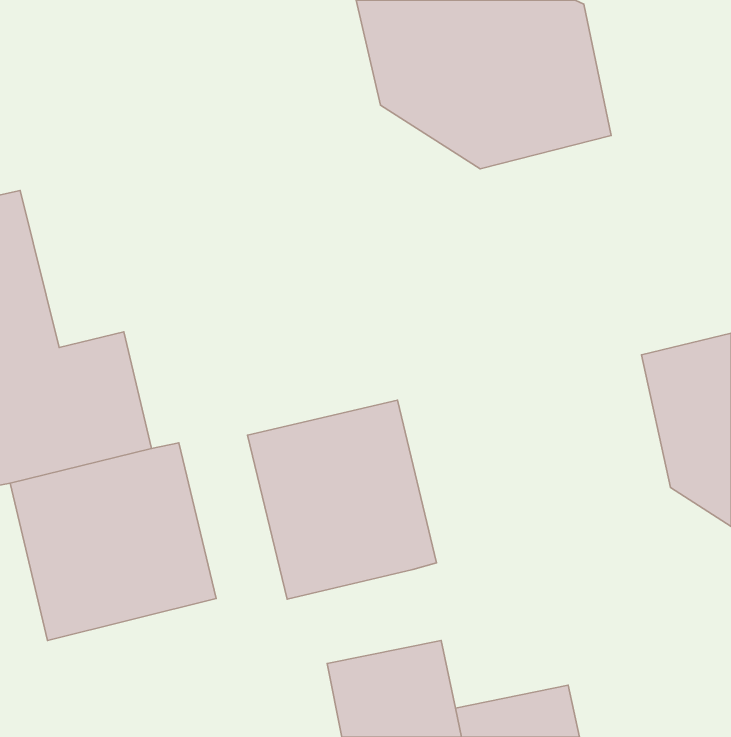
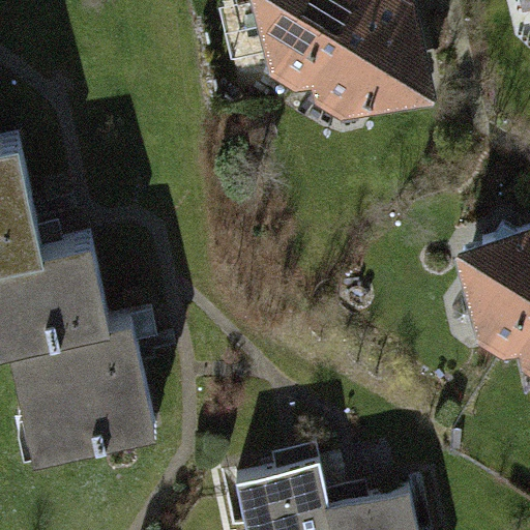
building: [247,400,437,599] -> none

